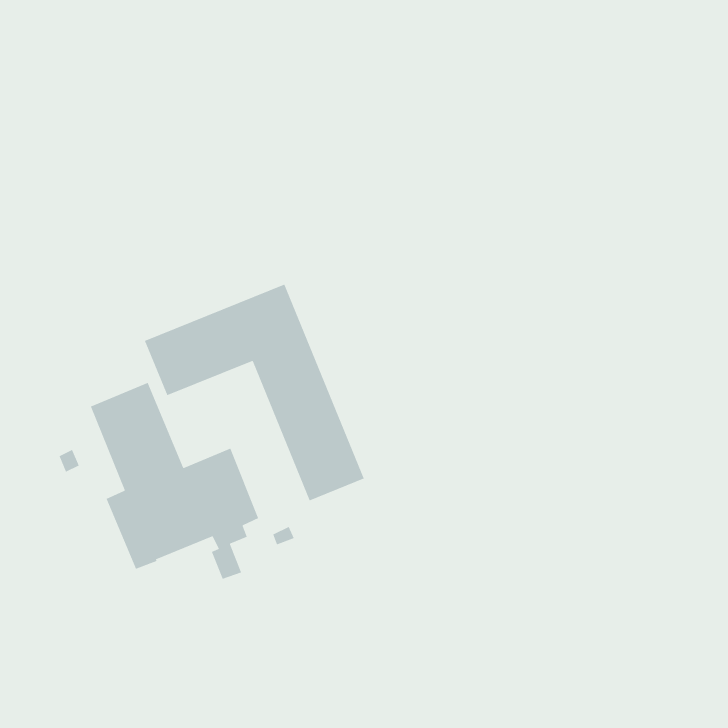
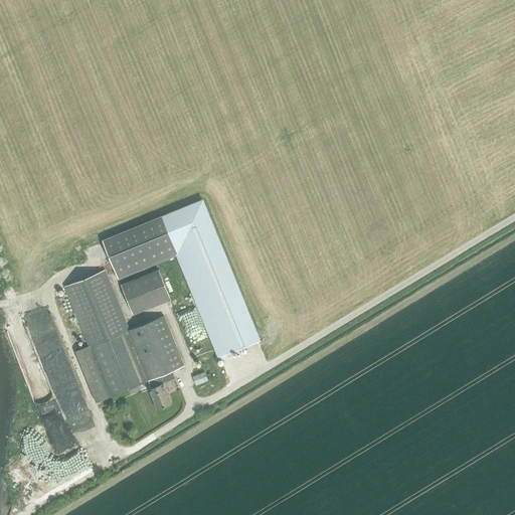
building: none -> [121,270,171,315]

